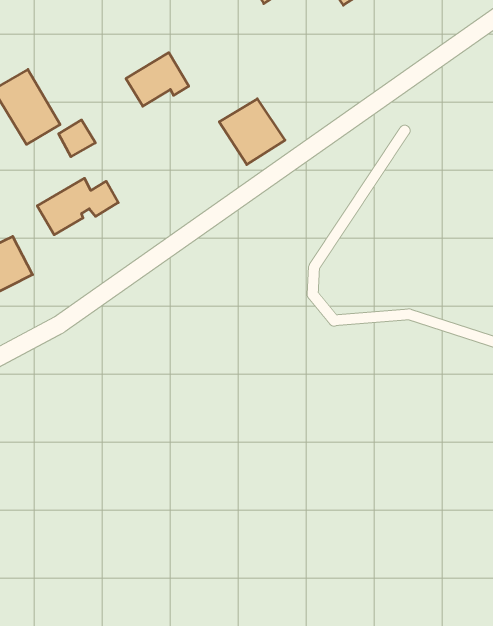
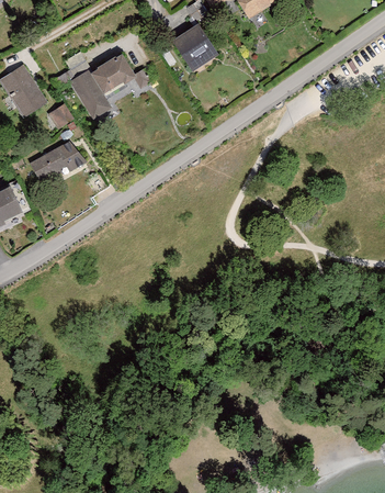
building: none -> [69,71,110,119]
building: [219,99,285,165] -> [172,23,219,70]

